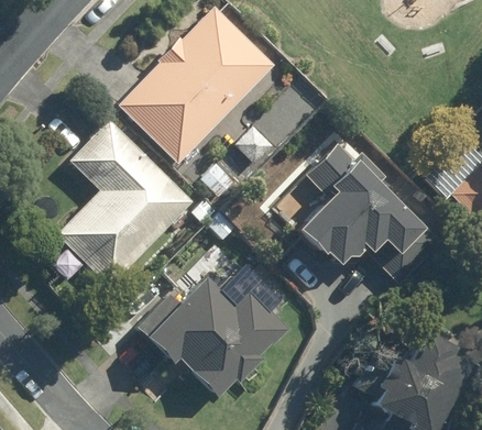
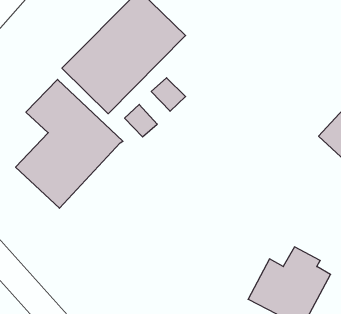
building: [292,145,417,271] -> none
building: [140,278,286,399] -> none

